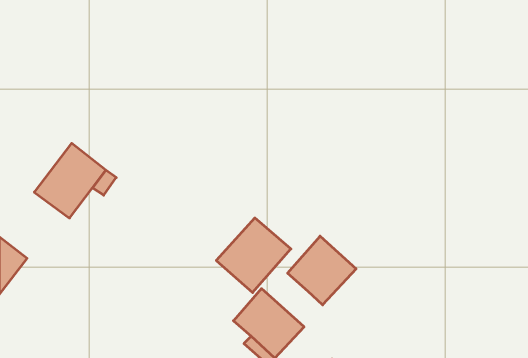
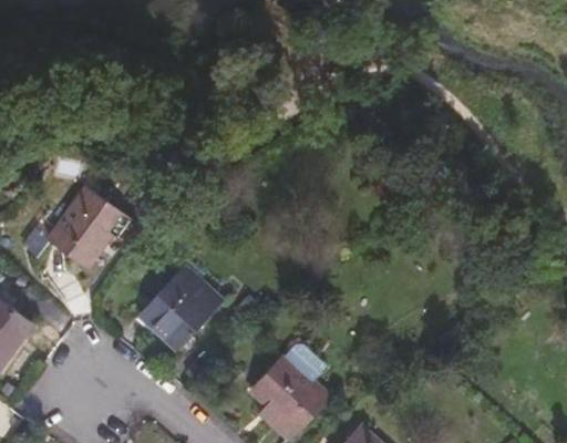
building: [216,218,291,293] -> [142,267,221,347]
building: [288,236,356,305] -> none

